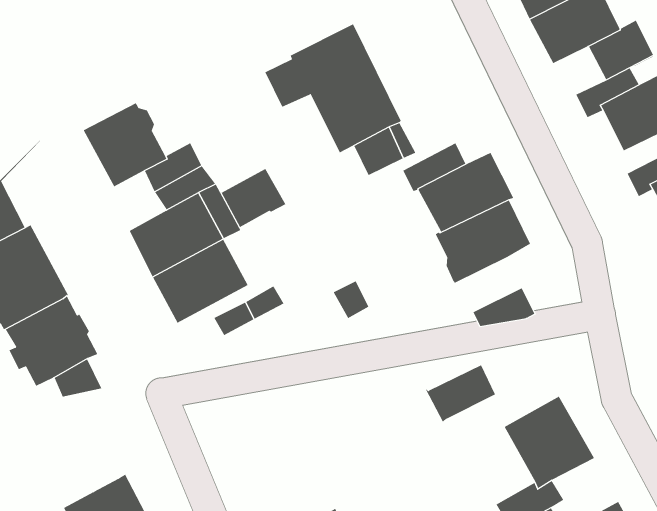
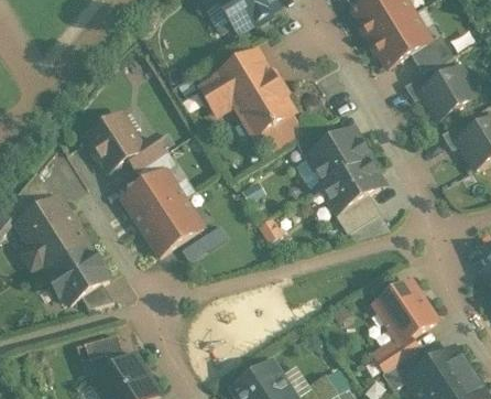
building: [221,168,286,228] -> none
building: [425,364,496,422] -> [334,193,380,233]
building: none -> [84,333,129,367]

